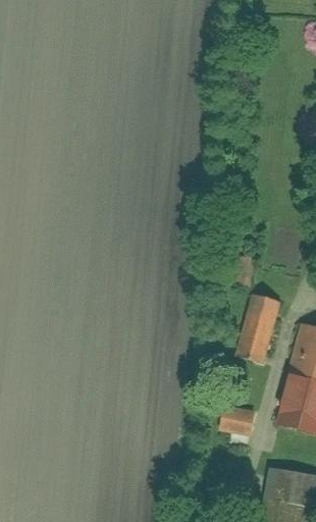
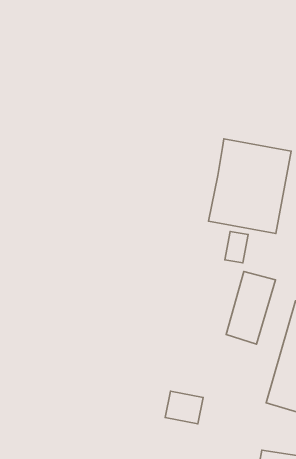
building: none -> [209,139,291,234]
building: [219,404,256,435] -> [165,391,203,424]

